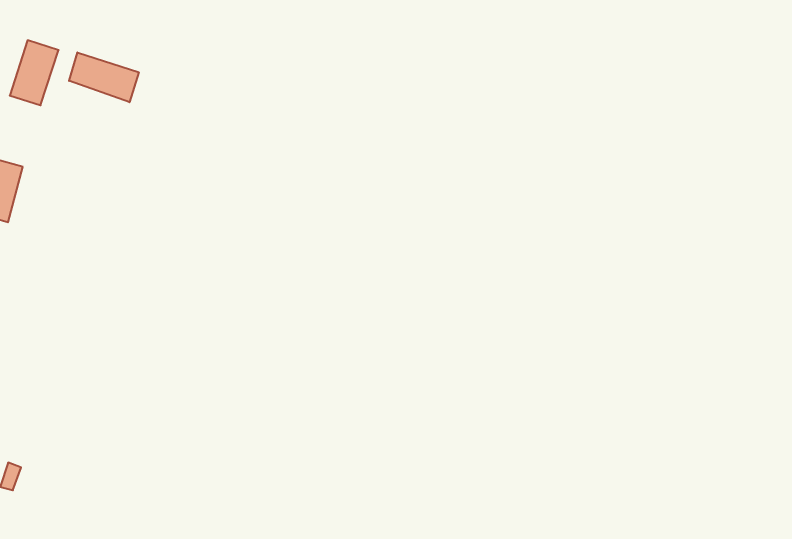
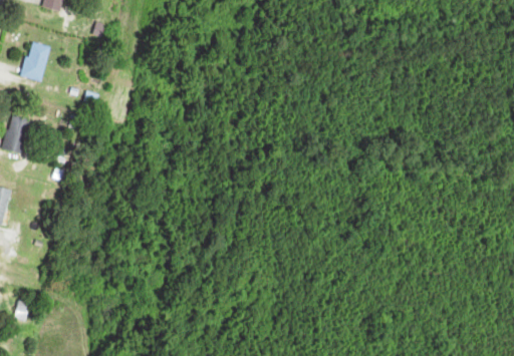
building: [69,52,139,102] -> none

